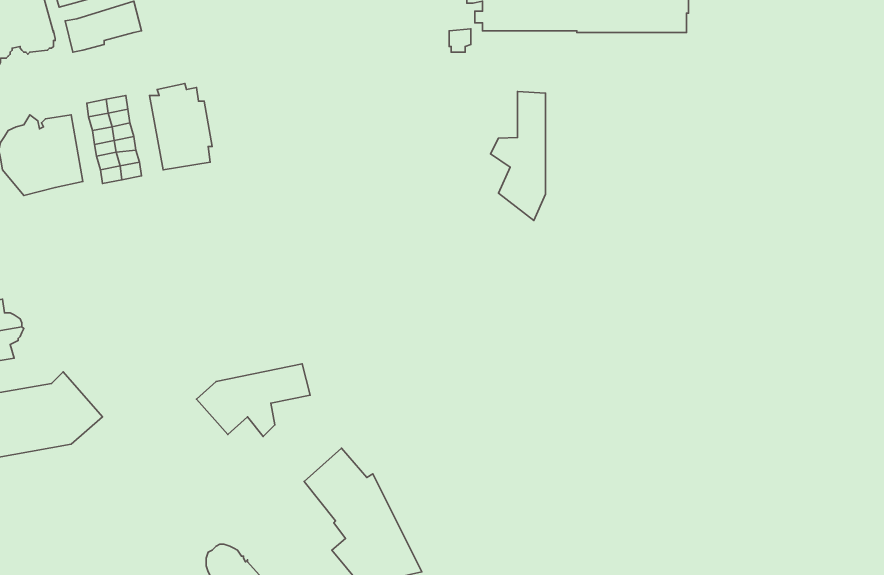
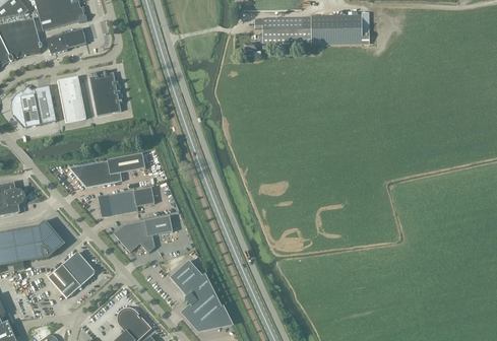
building: [491,91,546,220] -> none
building: none -> [70,153,145,187]
building: none -> [99,187,154,217]
building: none -> [48,253,95,297]

